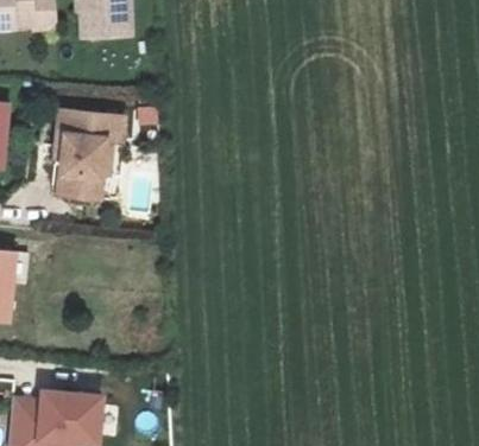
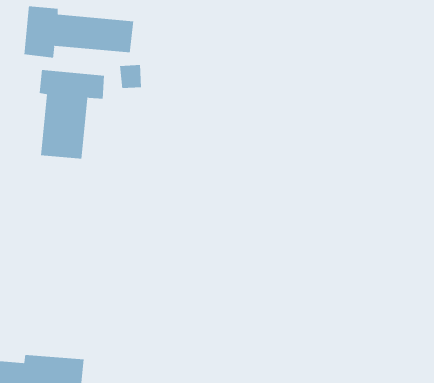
building: none -> [24,6,134,58]

